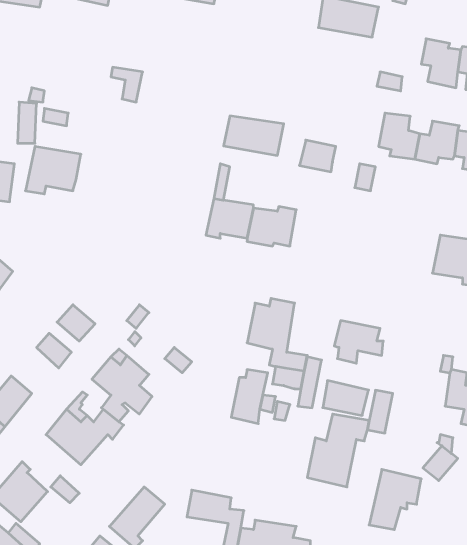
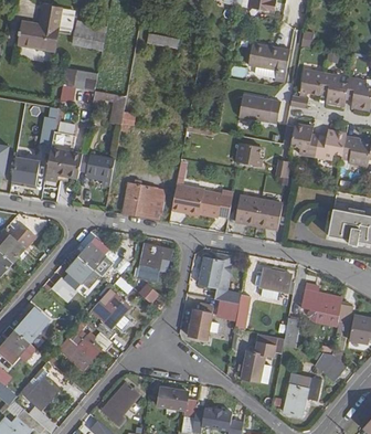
building: none -> [59,67,96,102]
building: none -> [300,68,324,94]
building: [224,116,284,155] -> [238,95,280,123]
building: none -> [80,152,114,184]
building: none -> [124,182,166,218]
building: none -> [236,194,282,227]
building: none -> [77,237,110,271]
building: none -> [138,243,172,280]
building: [323,381,369,415] -> [300,288,332,313]

